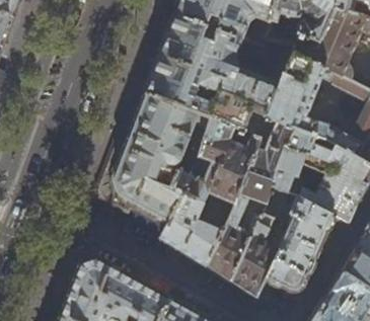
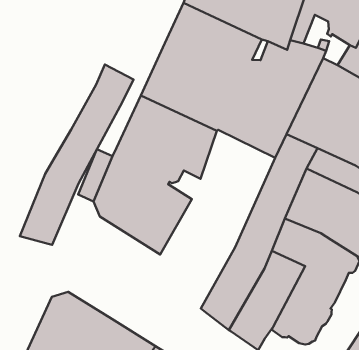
building: none -> [20,64,134,245]
building: [160,117,260,266] -> none

